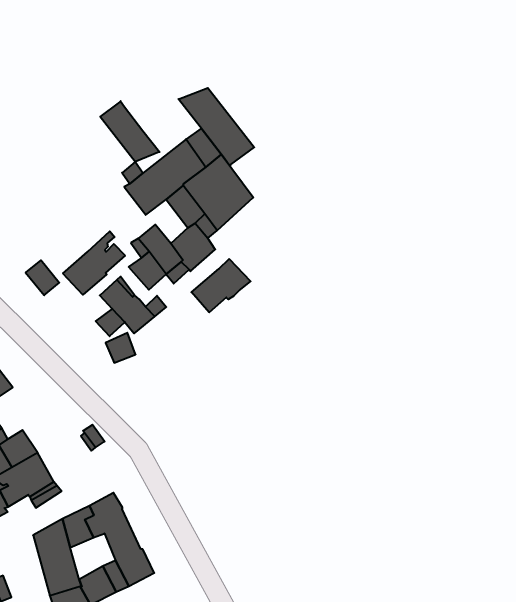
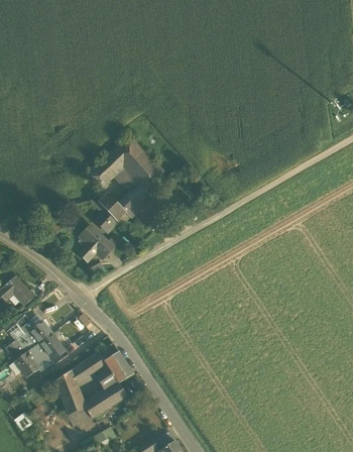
building: [178,88,254,166] -> none
building: [100,101,160,162] -> none
building: [63,231,125,295] -> none
building: [191,259,251,312] -> none
building: none -> [105,351,133,382]

